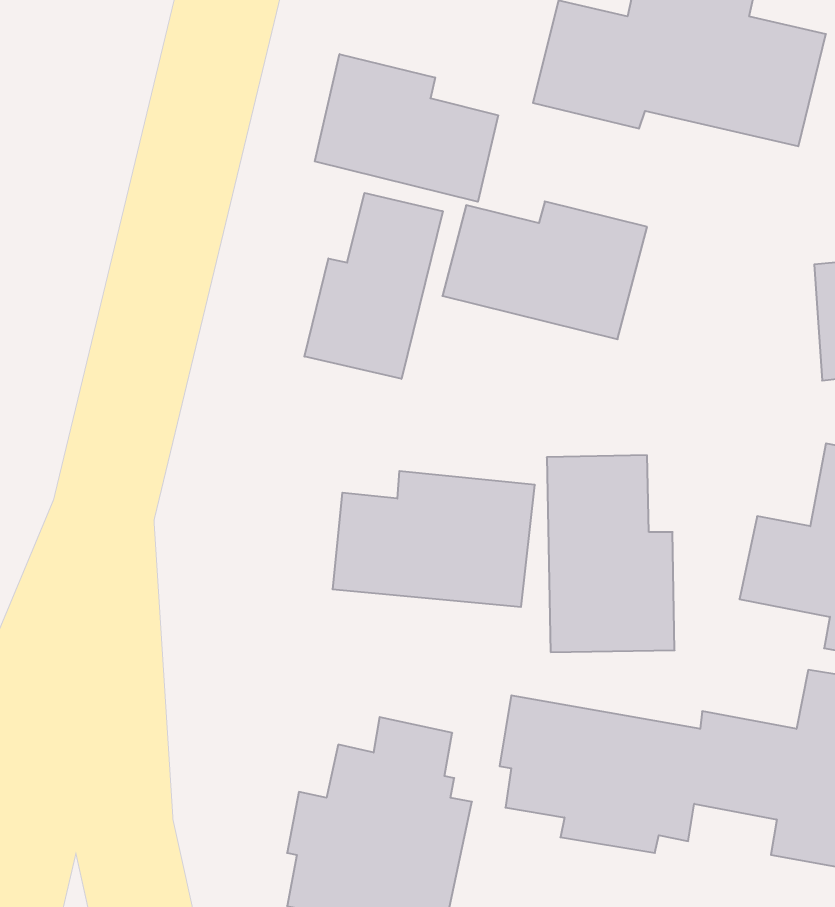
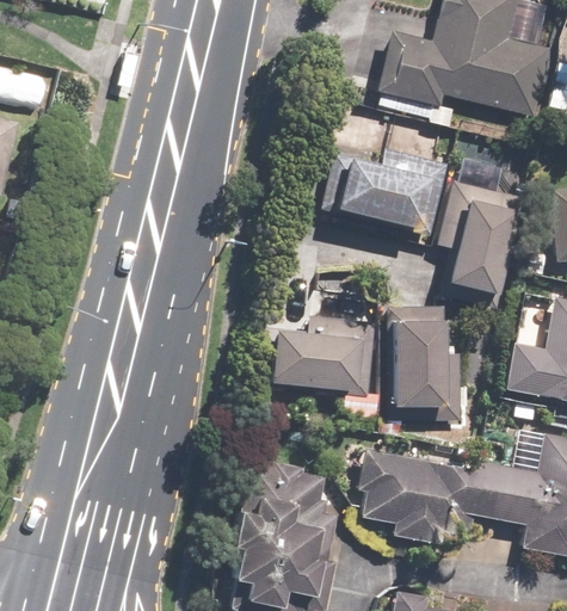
building: [315,54,498,202] -> none
building: [304,193,443,379] -> none
building: none -> [439,180,519,308]

